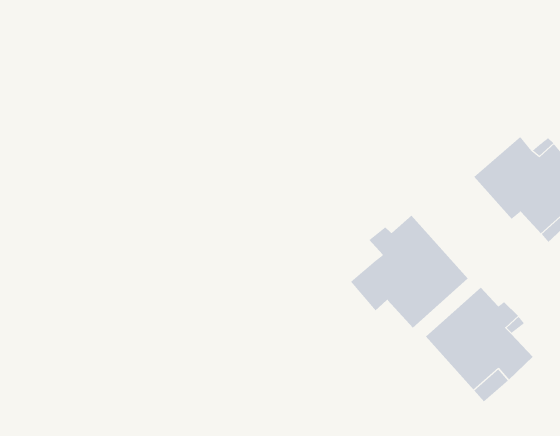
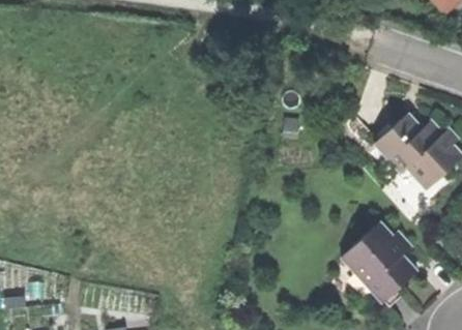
building: [350,215,469,329] -> none

